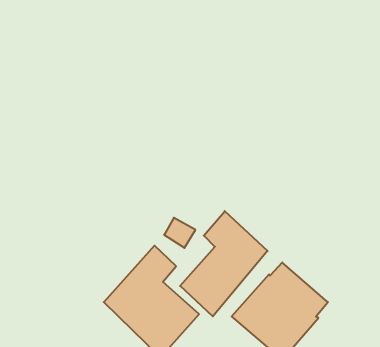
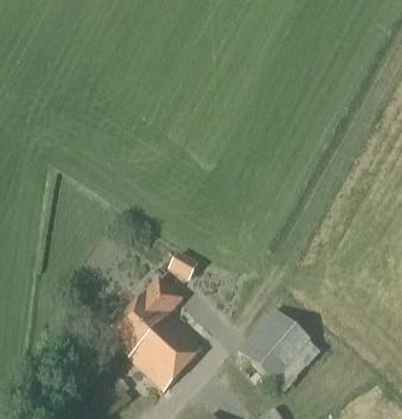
building: [180,211,268,316] -> none

